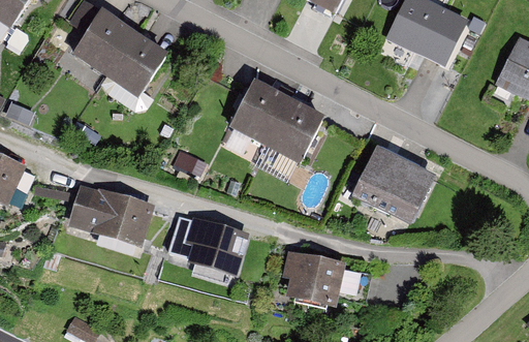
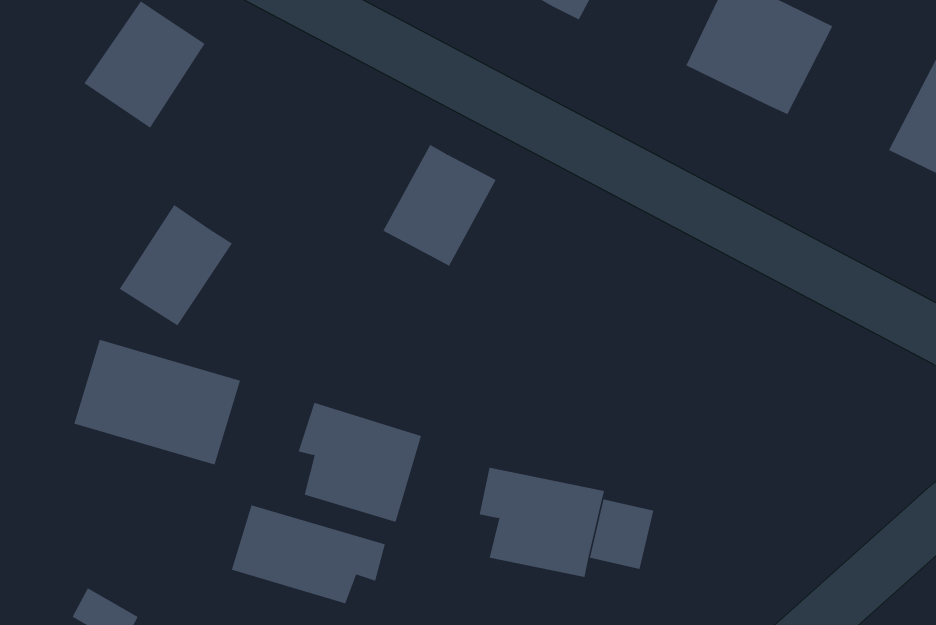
building: [107,27,167,91] -> [119,204,233,326]
building: [264,98,323,163] -> none
building: [351,145,436,224] -> none
building: none -> [231,505,385,604]

